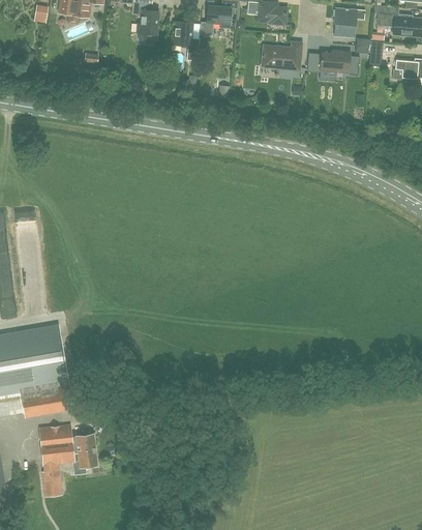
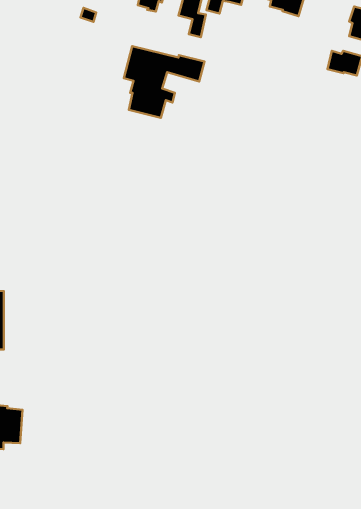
building: [262,41,301,67] -> none
building: none -> [124,46,205,118]

